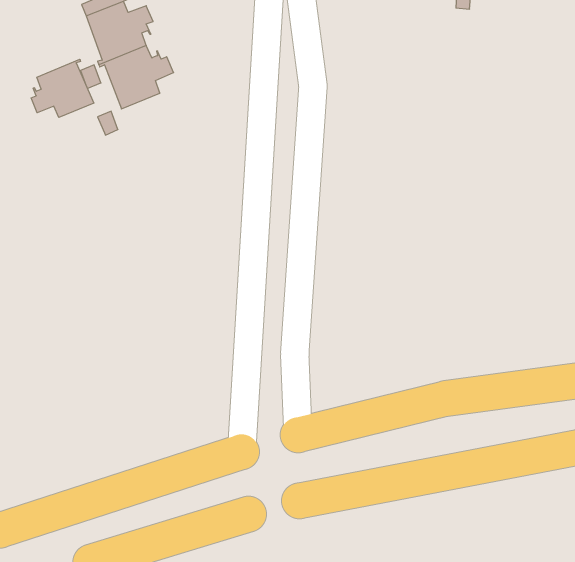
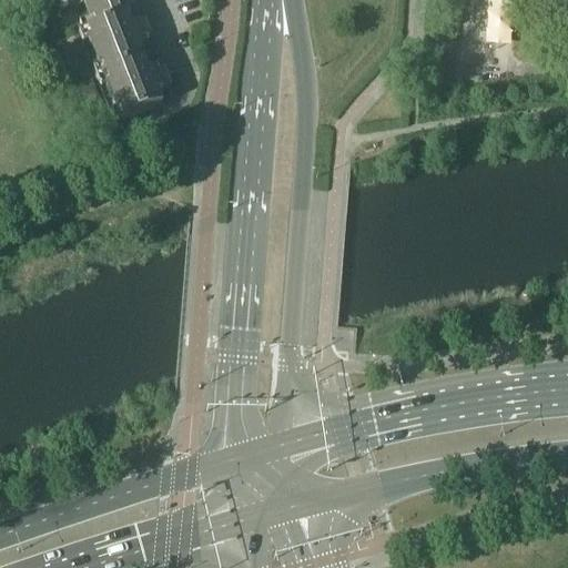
building: [31,59,94,117] -> none

